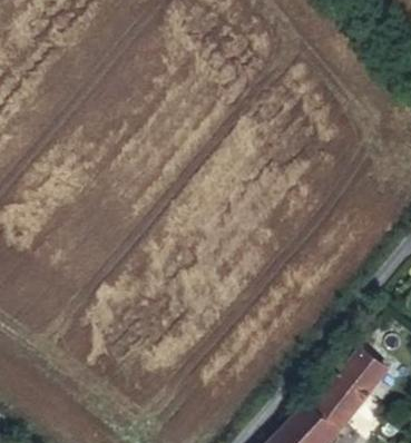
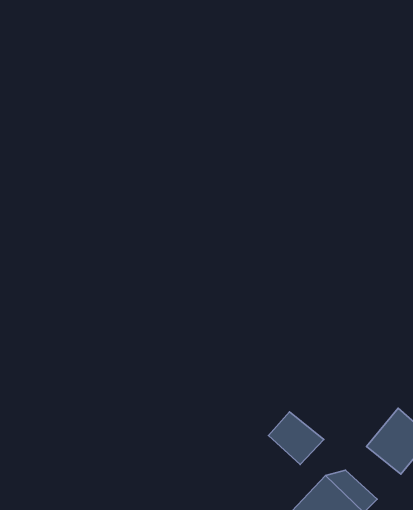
building: [316,383,363,427] -> [268,412,324,465]

